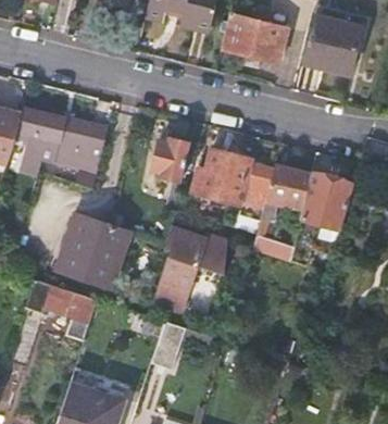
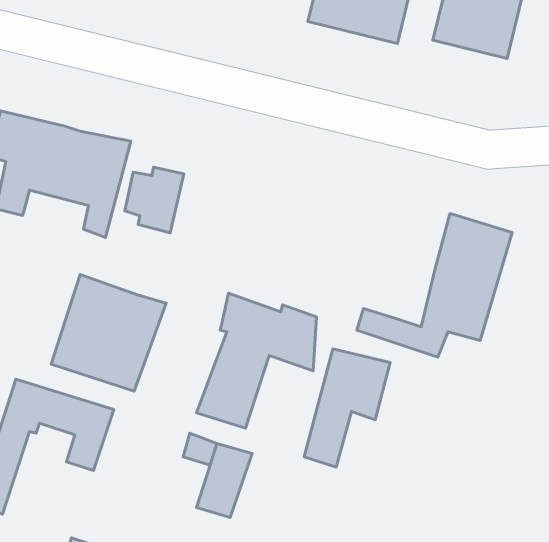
building: [153,137,191,179] -> [125,167,184,233]
building: [192,148,251,203] -> none
building: [258,164,313,240] -> [304,349,390,467]

